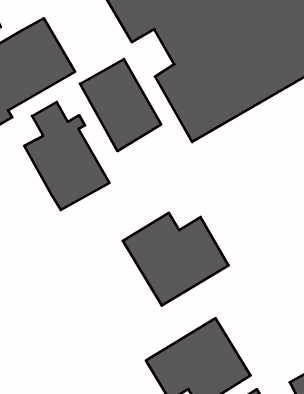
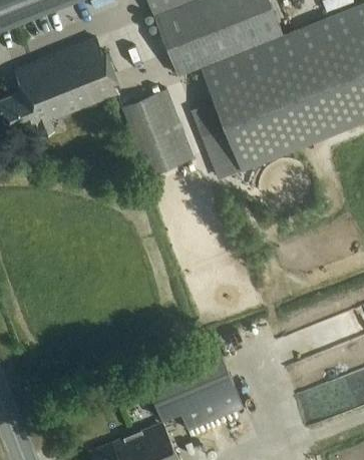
building: [24,102,109,210] -> none
building: [123,213,229,306] -> none

